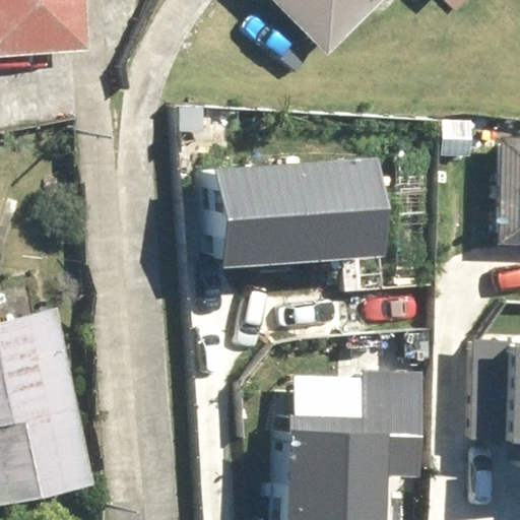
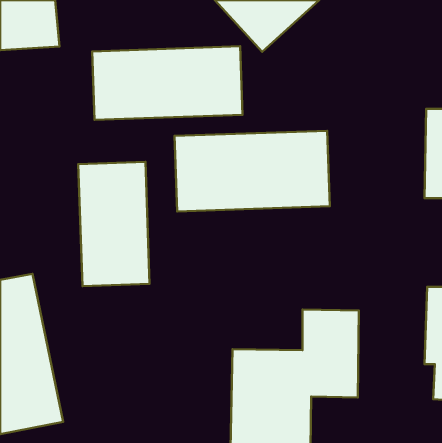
building: none -> [92,46,243,120]
building: none -> [78,162,150,286]

